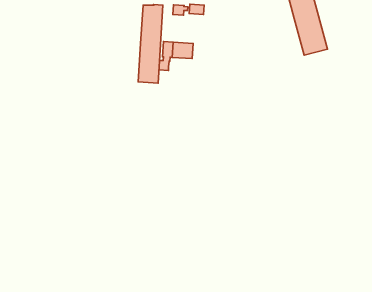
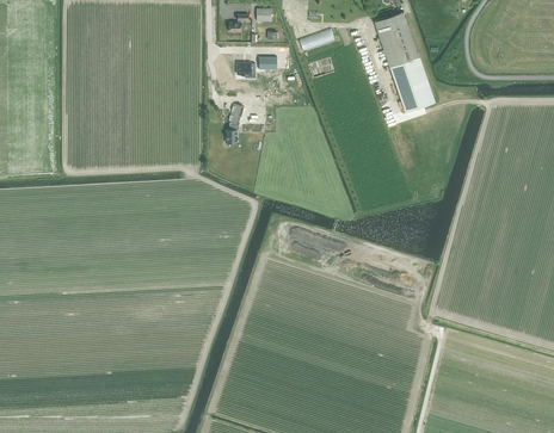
building: [138,4,163,83] -> none

